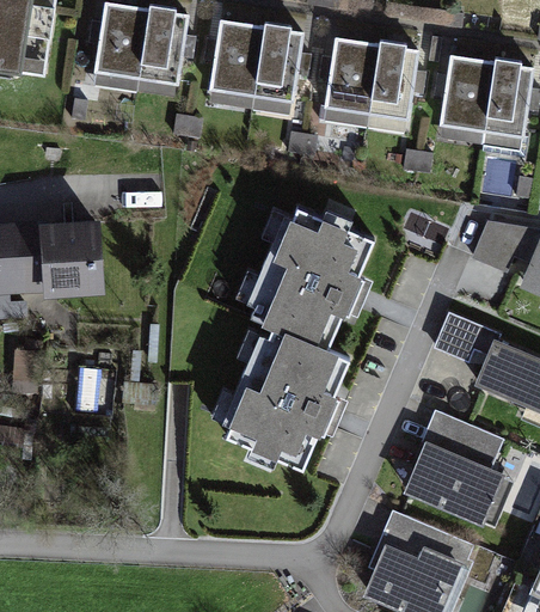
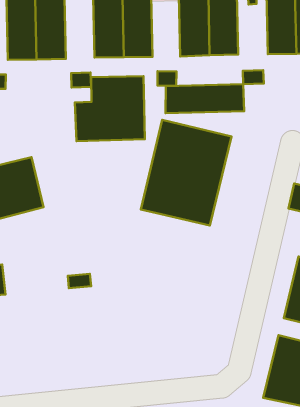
building: none -> [75,76,145,141]
building: none -> [166,84,244,113]
building: [215,323,354,476] -> none

